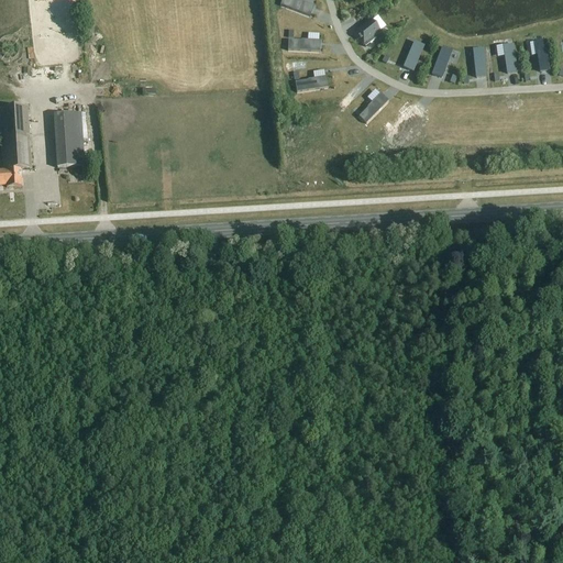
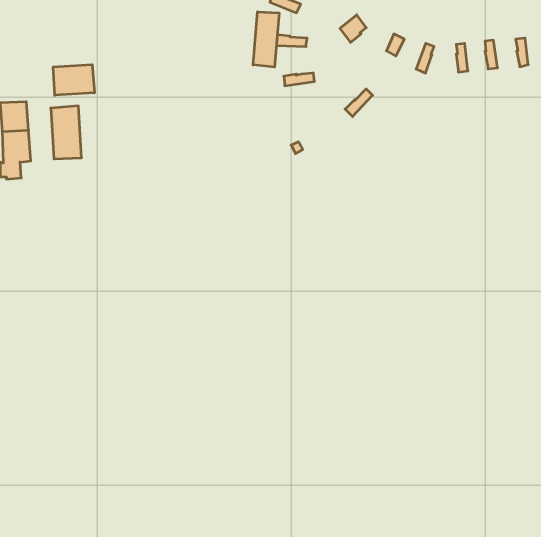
building: none -> [253,12,279,67]
building: none -> [53,65,94,95]

